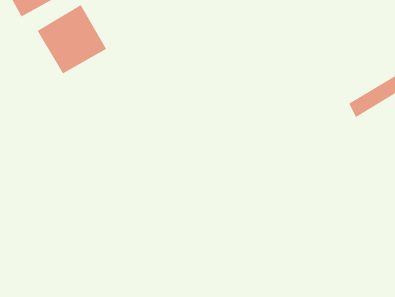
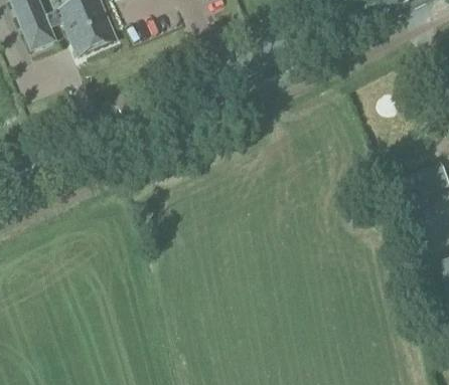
building: [37,4,107,74] -> none

